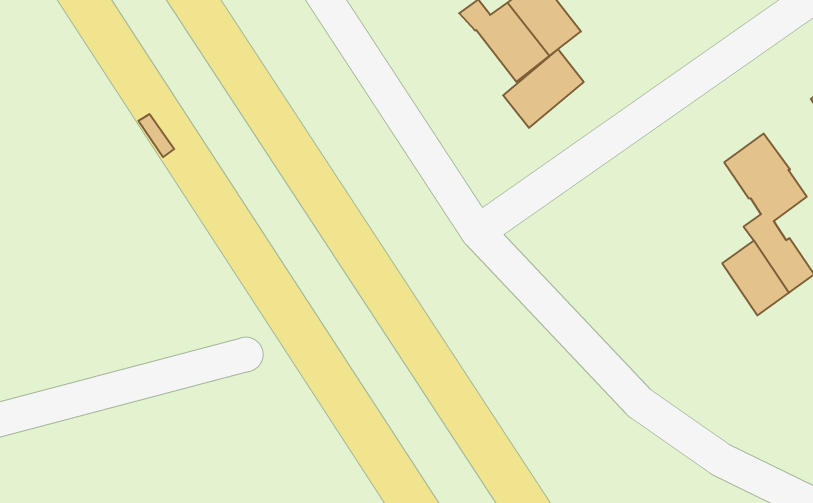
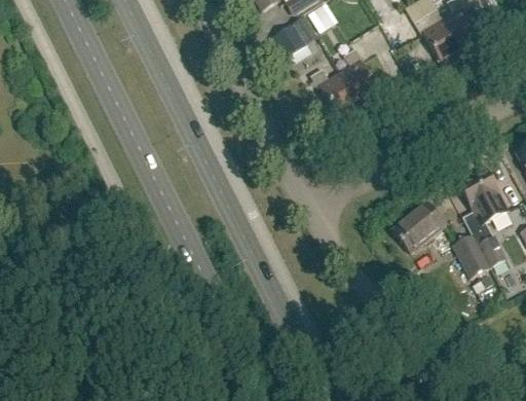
building: [503,49,584,128] -> none
building: none -> [393,202,445,251]

